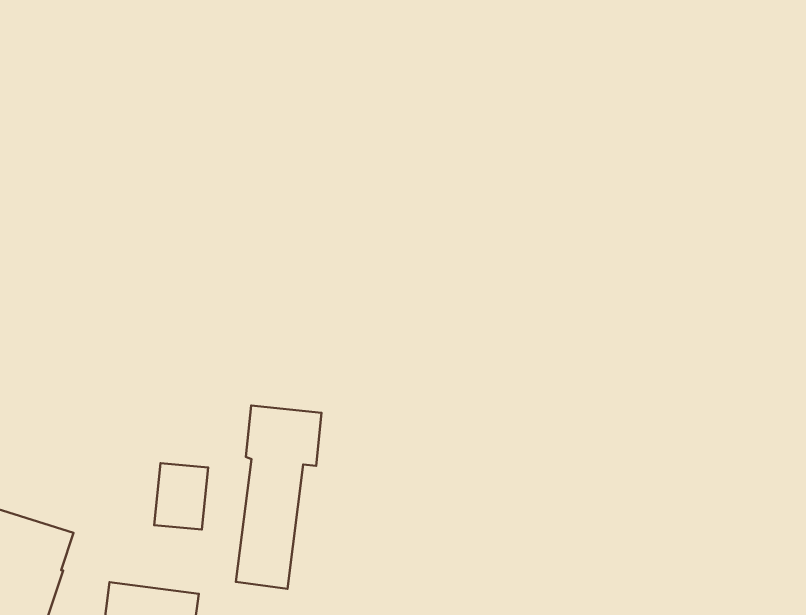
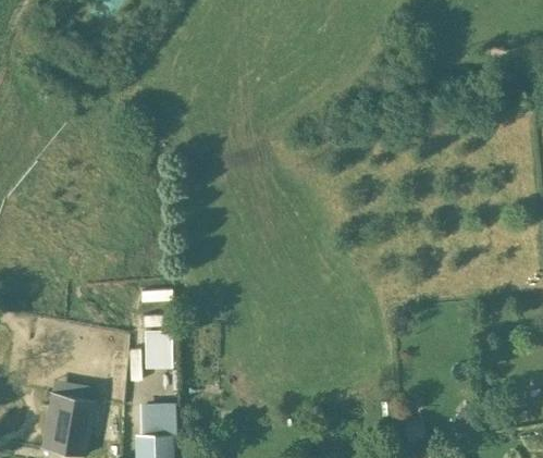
building: [236,405,322,589] -> none

